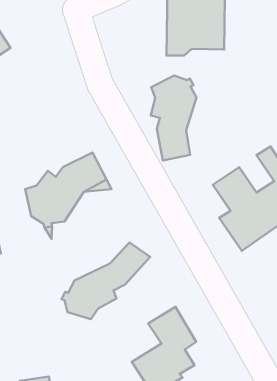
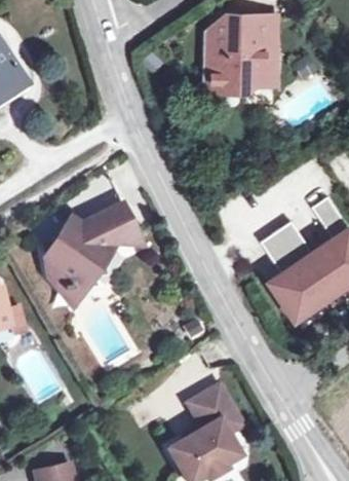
building: [151,75,197,161] -> none
building: [61,243,150,319] -> none

